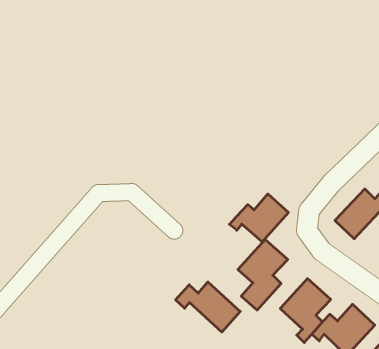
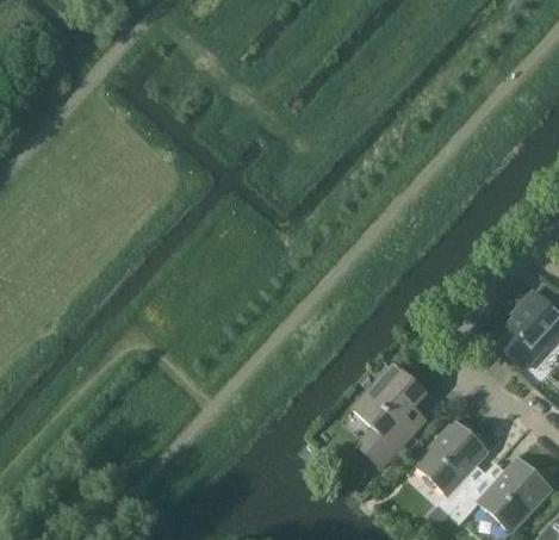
building: [229,194,288,242] -> none
building: [176,282,240,332] -> none

